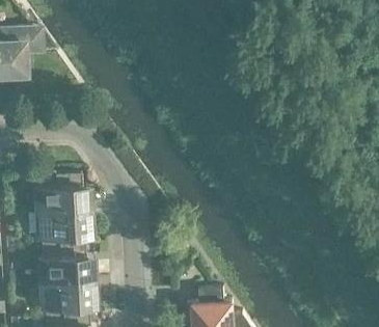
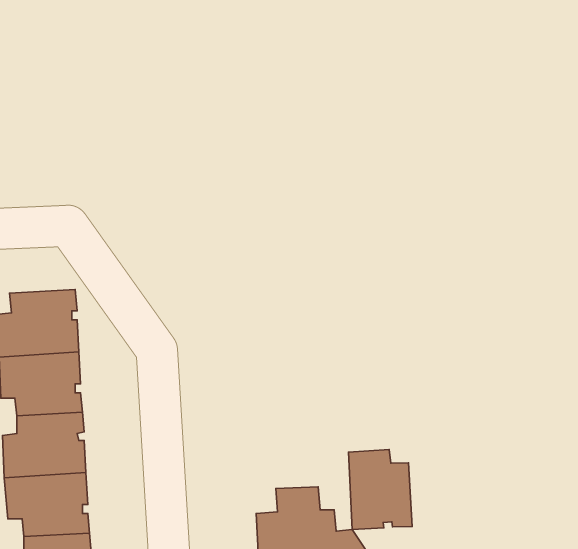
building: none -> [349,449,412,529]

